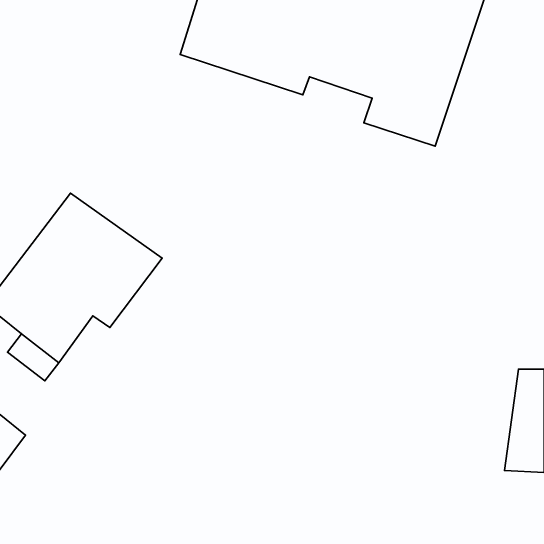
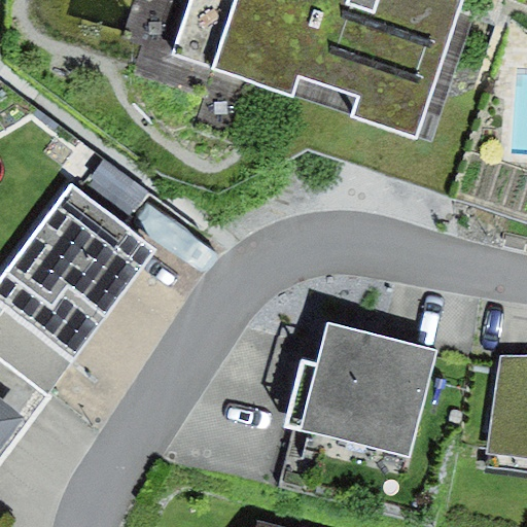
building: none -> [286,322,437,456]

